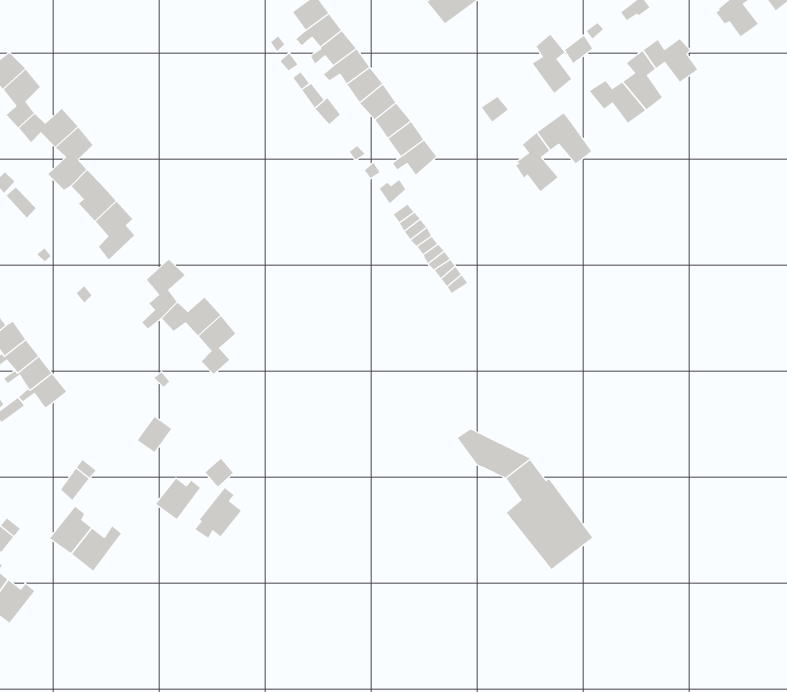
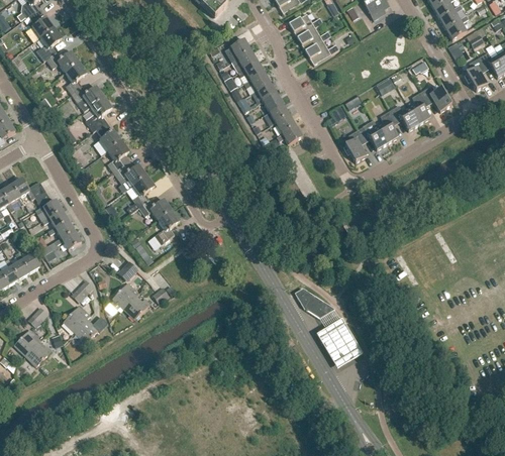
building: [532,34,572,94] -> [377,109,398,142]
building: none -> [113,159,146,185]
building: [194,487,242,539] -> [109,281,136,309]

